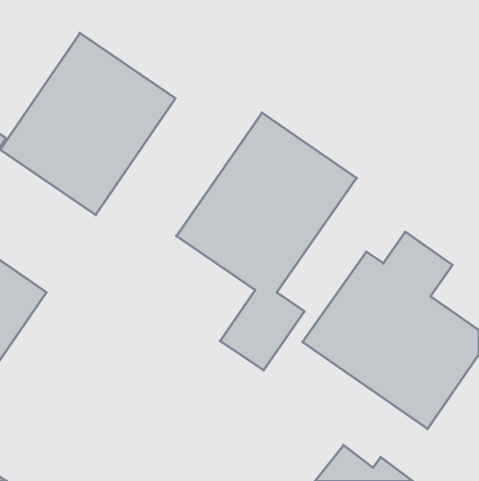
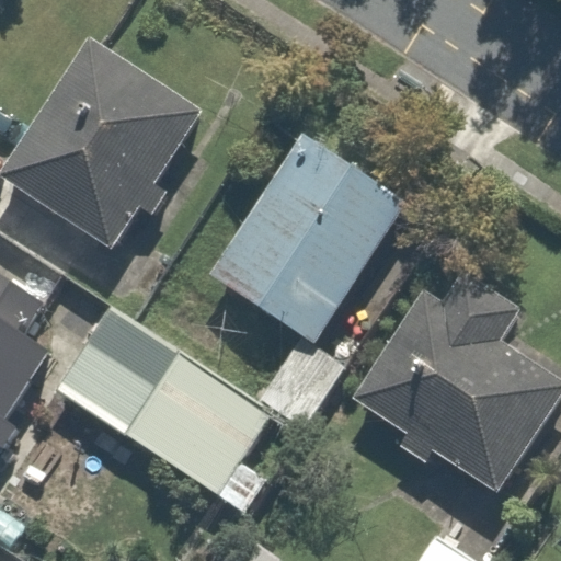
building: none -> [64,309,293,508]

